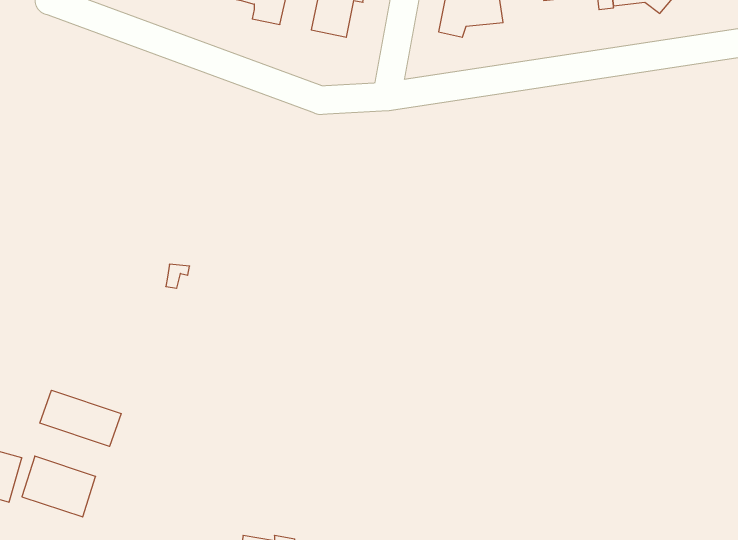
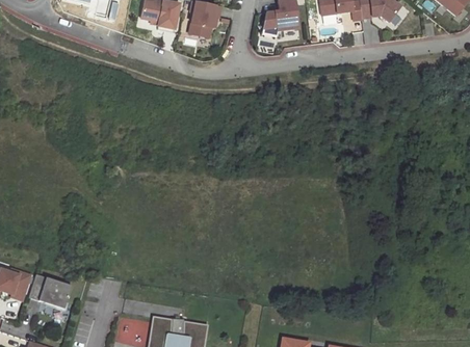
building: [40,390,121,446] -> none

